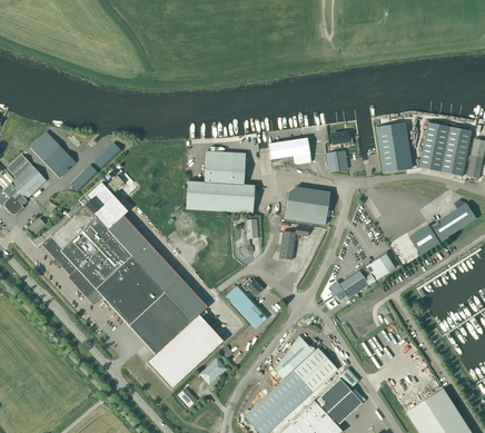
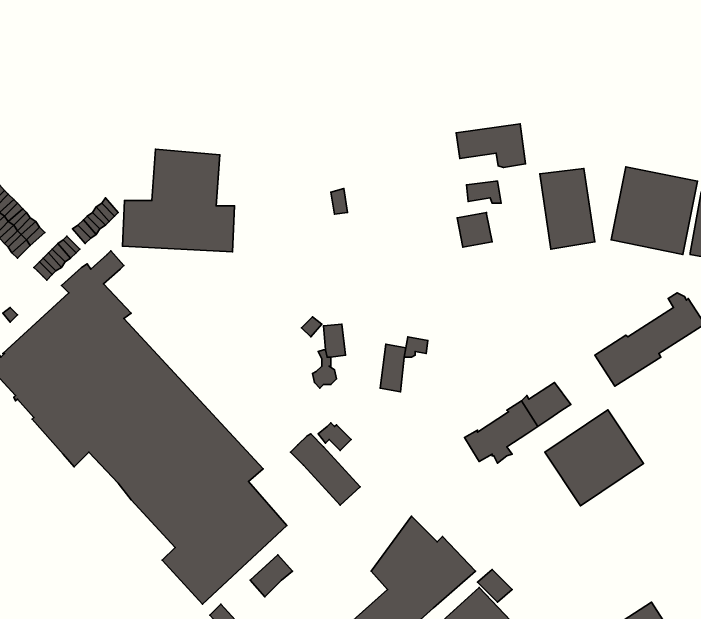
building: [268,138,310,165] -> [456,124,526,168]
building: [186,150,254,213] -> [123,149,234,252]
building: [284,186,329,225] -> none
building: none -> [545,410,644,506]

